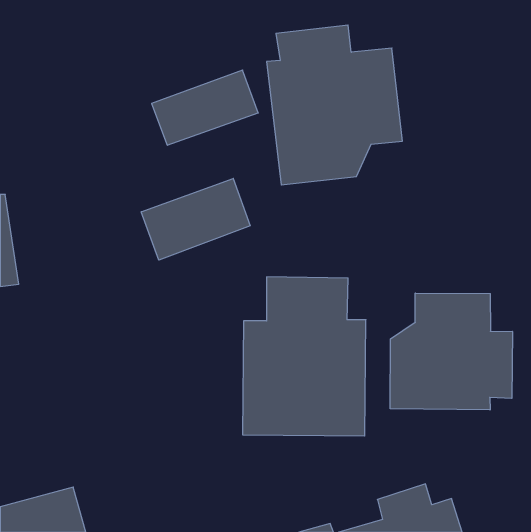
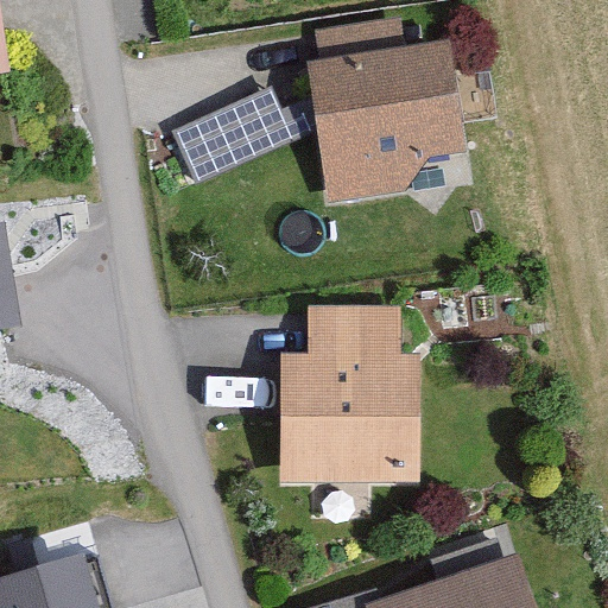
building: [141,178,250,260] -> none
building: [390,293,512,410] -> none

